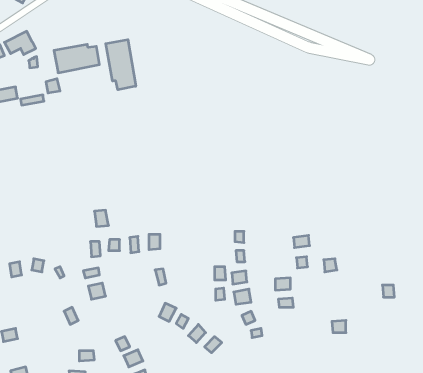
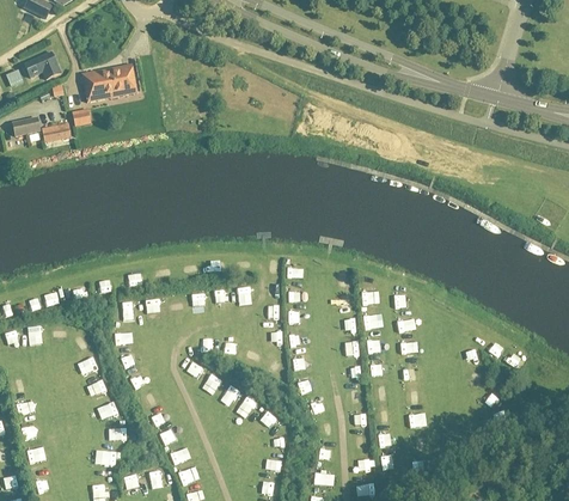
building: [106,40,136,90] -> none

